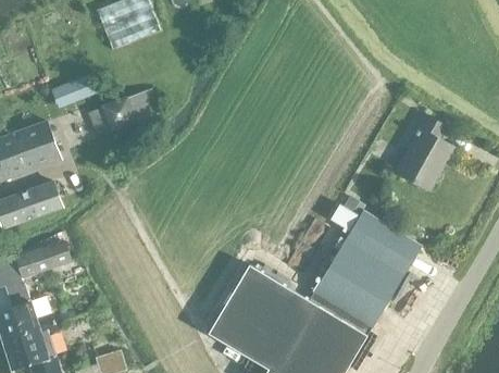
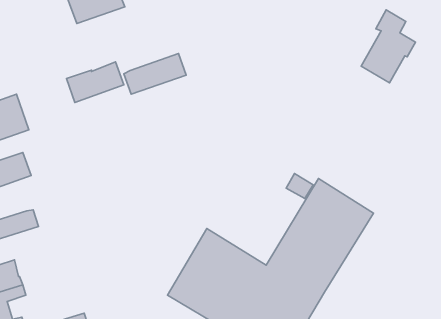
building: [50,72,99,108] -> none
building: none -> [124,54,186,94]
building: [396,114,452,190] -> [361,10,415,83]

